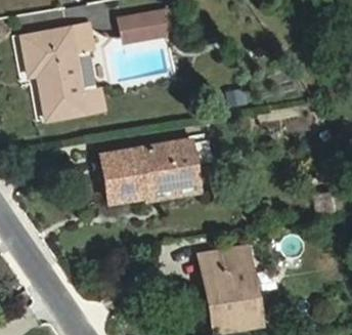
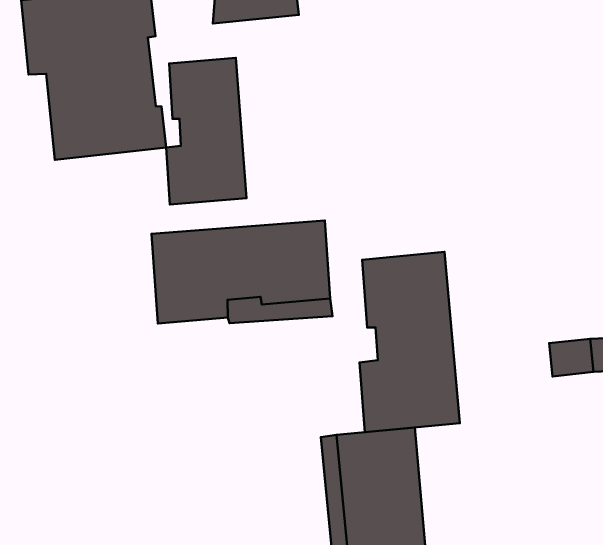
building: none -> [166,58,247,204]
building: none -> [359,252,460,432]

